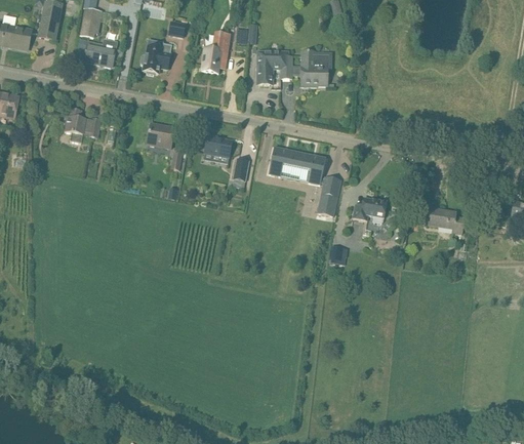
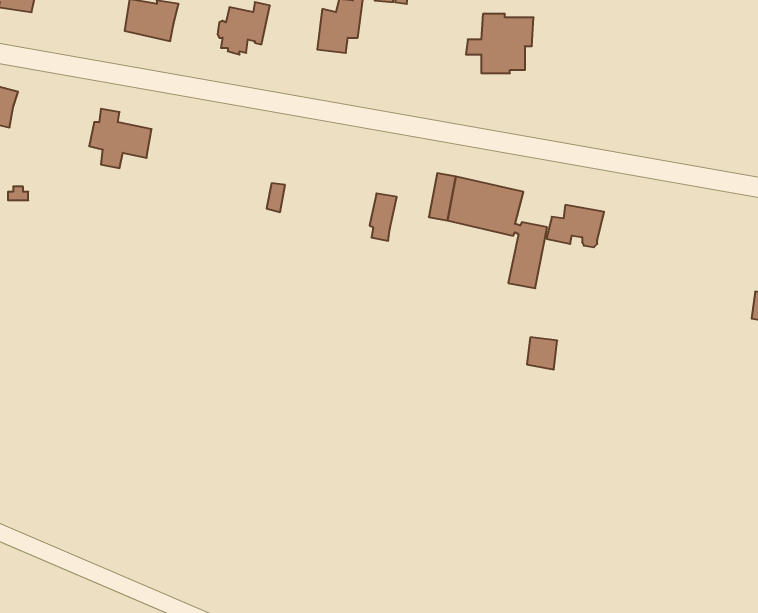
building: [255,50,292,85] -> none
building: [146,123,174,149] -> none
building: [203,133,232,161] -> none
building: [352,198,387,224] -> [547,205,604,247]
building: [428,208,463,236] -> none

